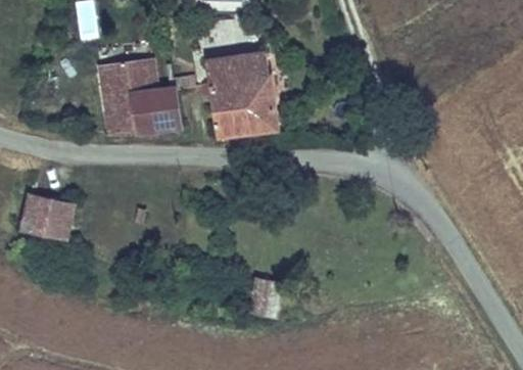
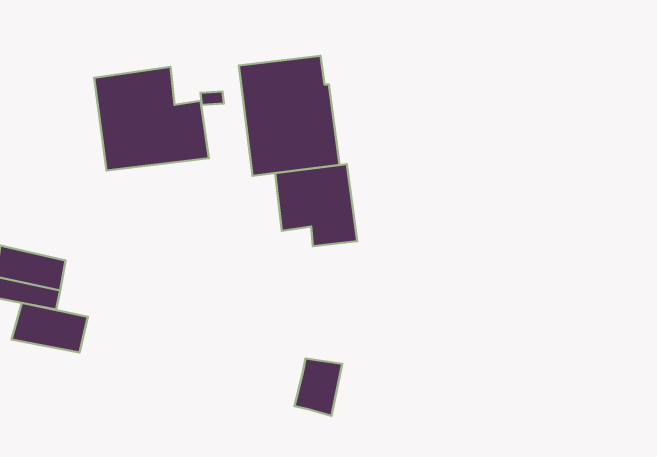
building: none -> [275,164,357,246]
building: none -> [11,303,88,353]

